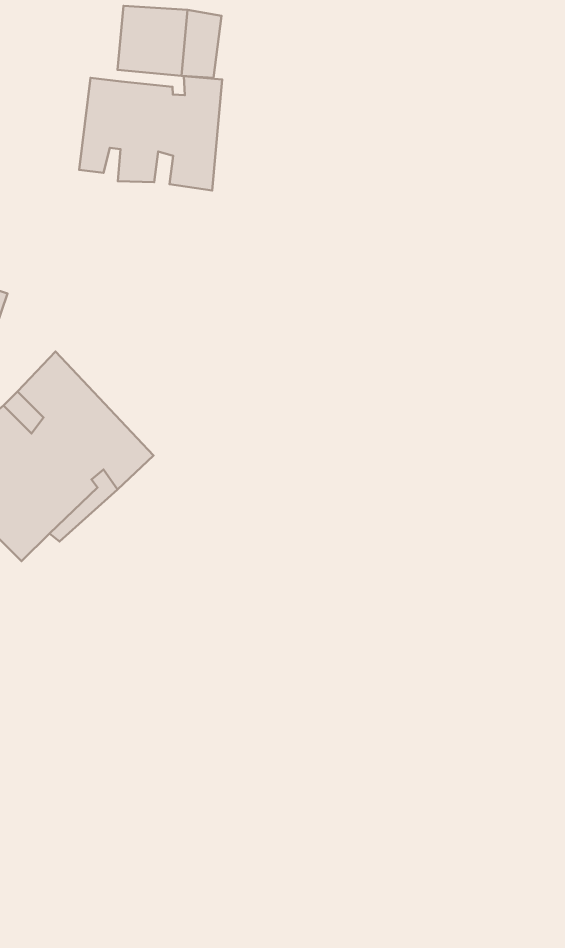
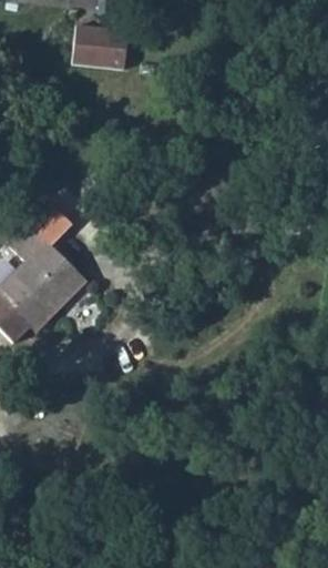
building: [79,76,222,190] -> none

